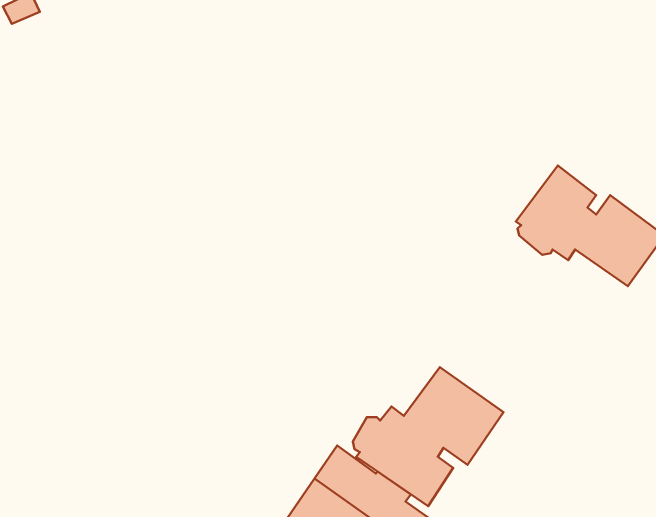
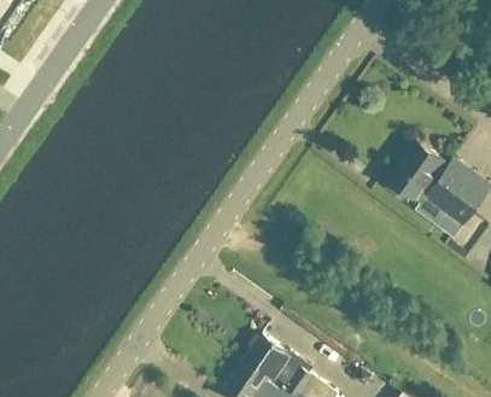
building: [353,367,504,506] -> none

